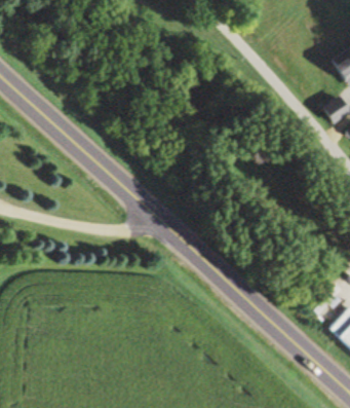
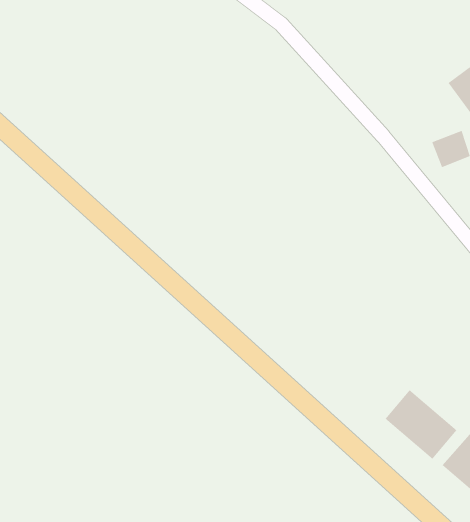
building: none -> [385,389,457,460]

